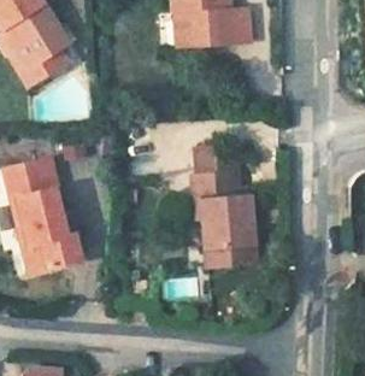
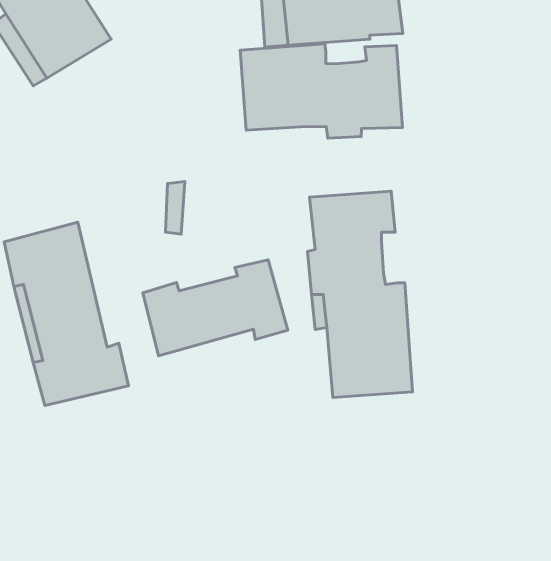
building: none -> [240,44,403,138]
building: none -> [143,260,288,356]

